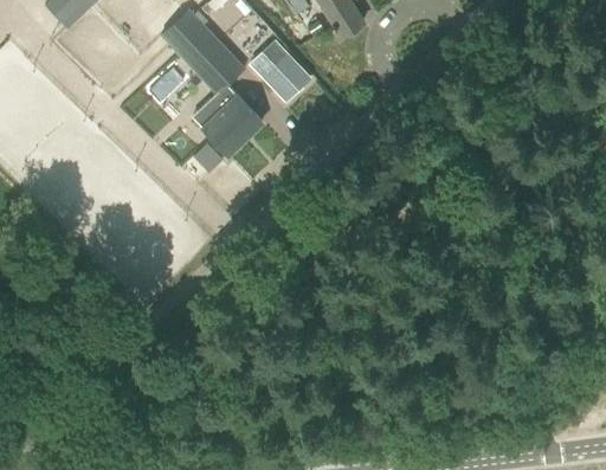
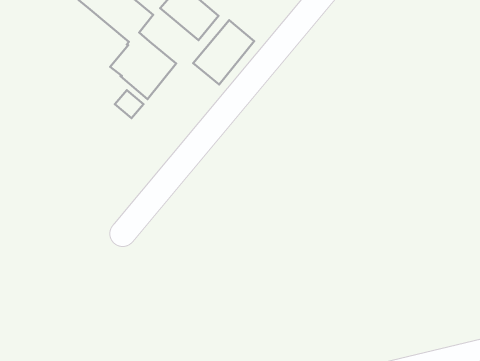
building: none -> [193,20,254,84]

